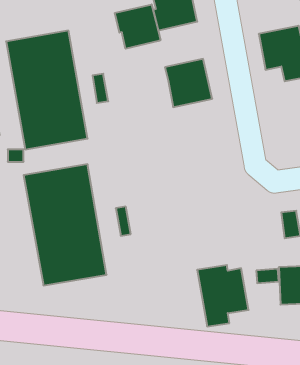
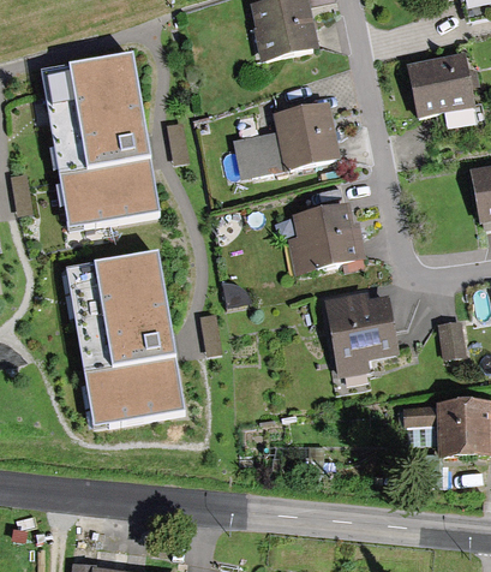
building: [115,4,160,49] -> none
building: none -> [232,131,282,178]
building: none -> [286,201,366,272]
building: [197,265,249,326] -> [323,288,397,377]

